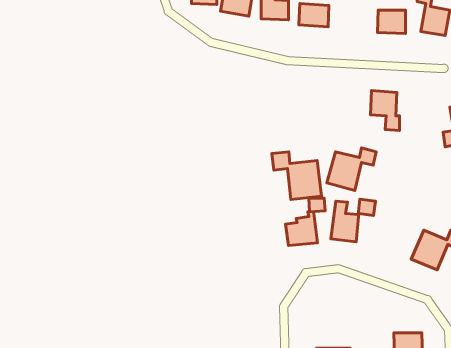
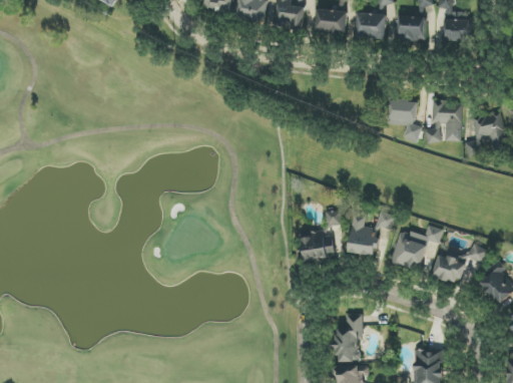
building: none -> [355,13,385,38]
building: none -> [424,100,461,142]
building: [327,148,376,190] -> [391,226,442,270]
building: [272,152,322,199] -> none
building: none -> [335,314,361,361]

